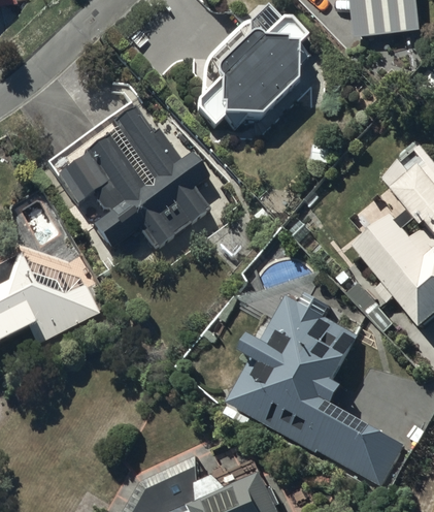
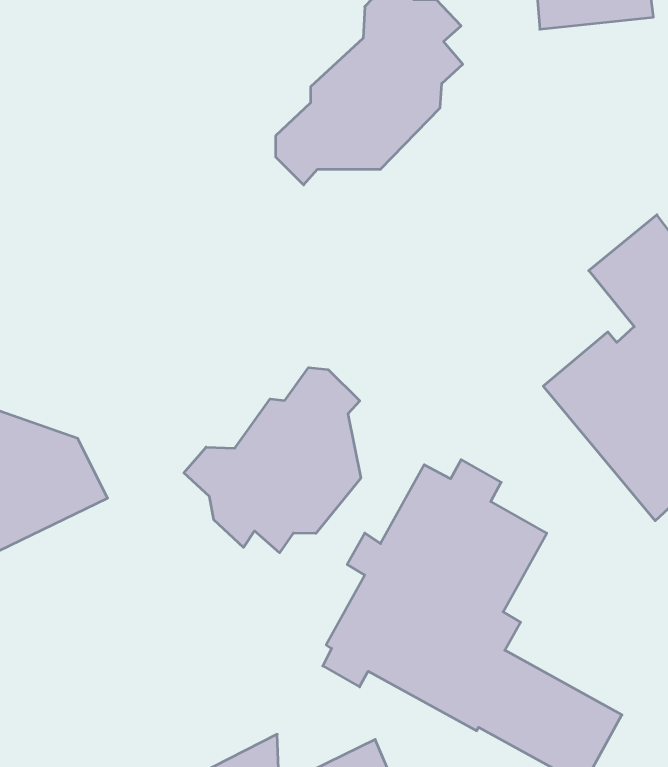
building: [57,108,208,252] -> none
building: none -> [184,368,361,553]

